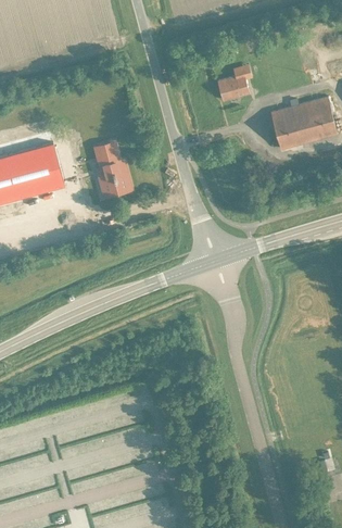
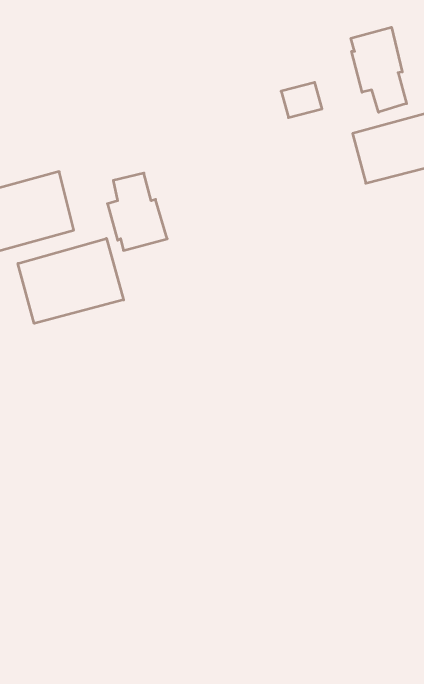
building: none -> [351,27,407,112]
building: none -> [18,238,124,323]

